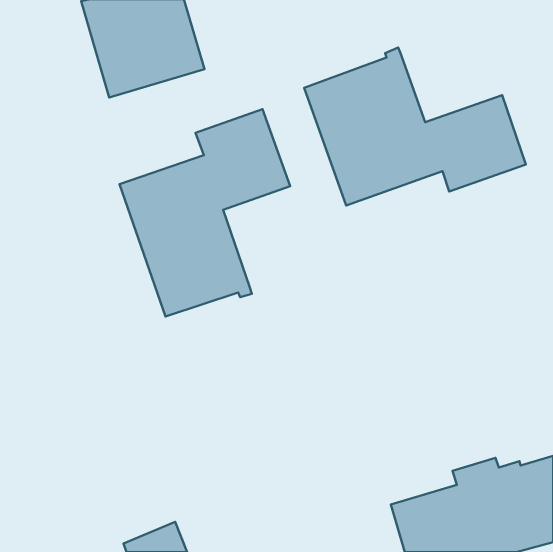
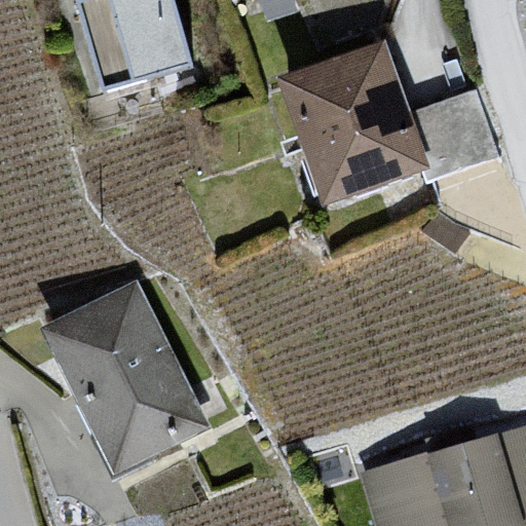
building: [119,109,290,317] -> none
building: none -> [54,293,197,480]

